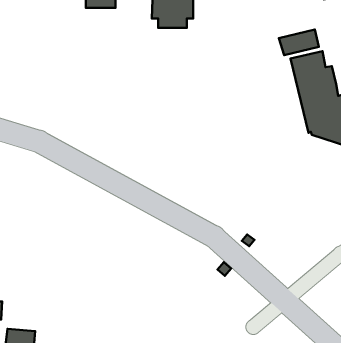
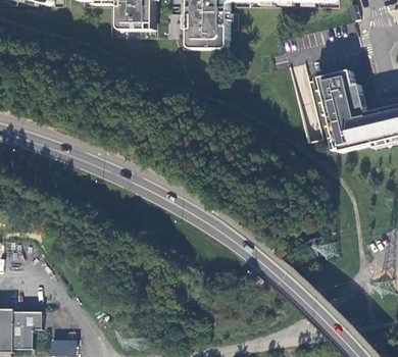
building: [279,30,319,55] -> none

